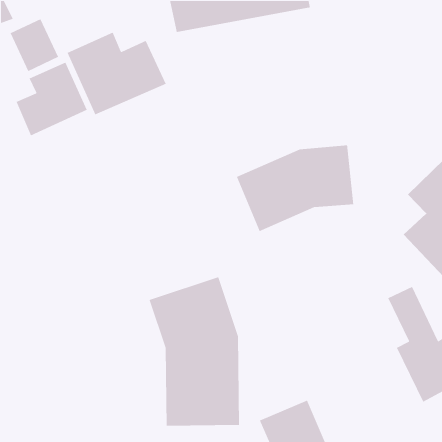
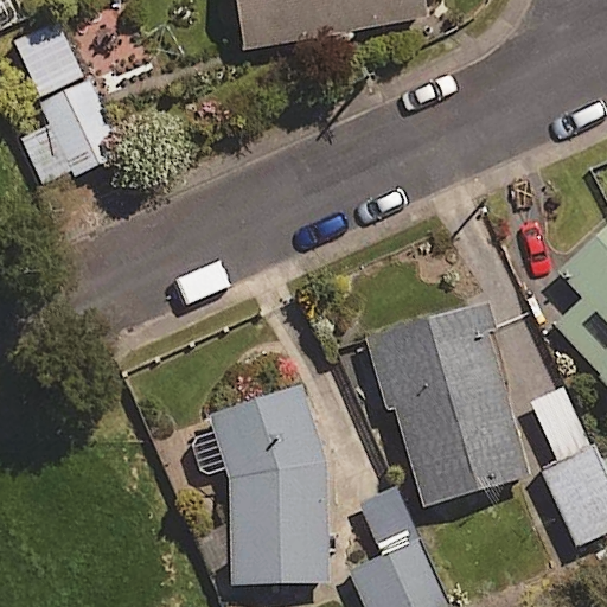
building: [67,32,167,116] -> none
building: [236,145,354,232] -> none
building: none -> [365,299,531,503]

